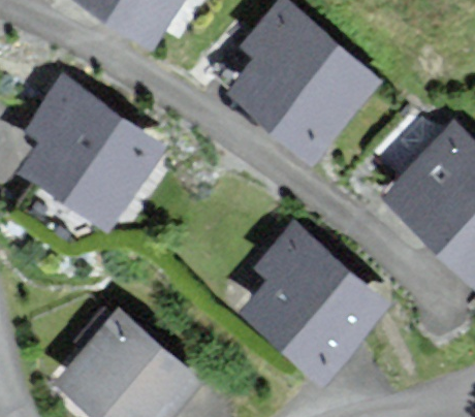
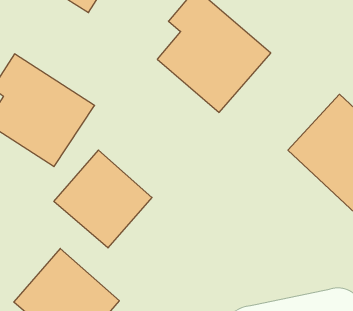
building: none -> [54,150,152,248]
building: [254,223,383,372] -> none

